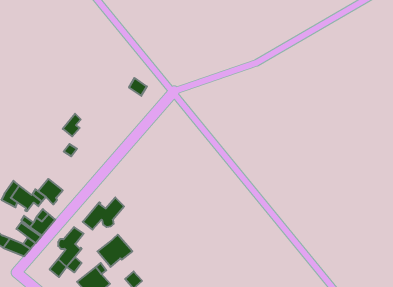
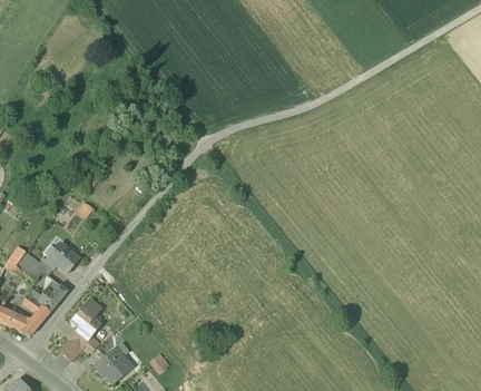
building: [83,197,124,230] -> none
building: [97,235,132,267] -> none

